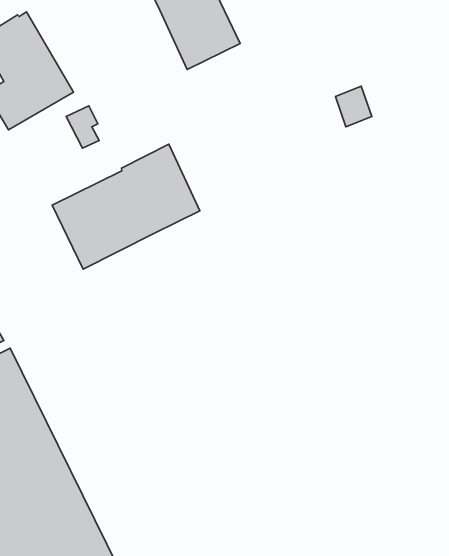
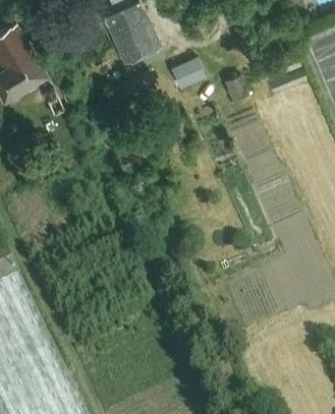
building: none -> [174,62,207,91]
building: [52,144,200,269] -> none

